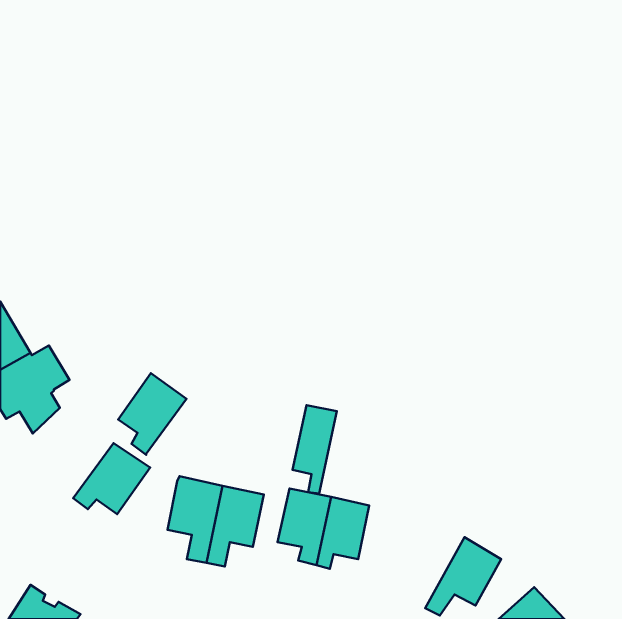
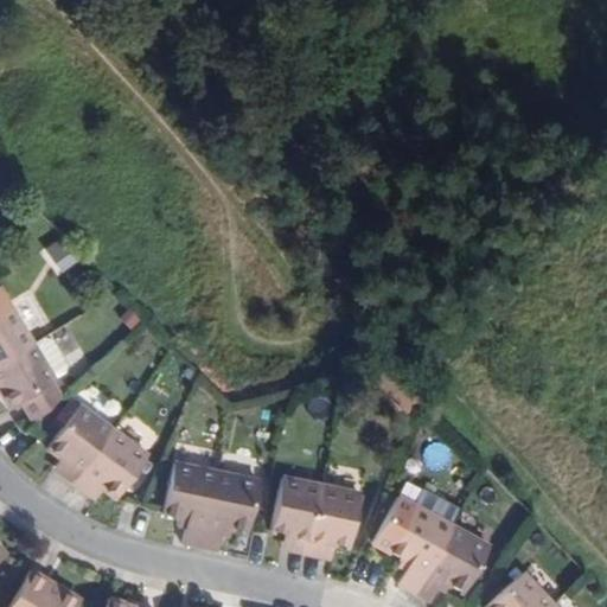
building: [118,373,186,455] -> [46,405,113,485]
building: [292,405,337,494] -> none
building: none -> [389,500,453,590]

